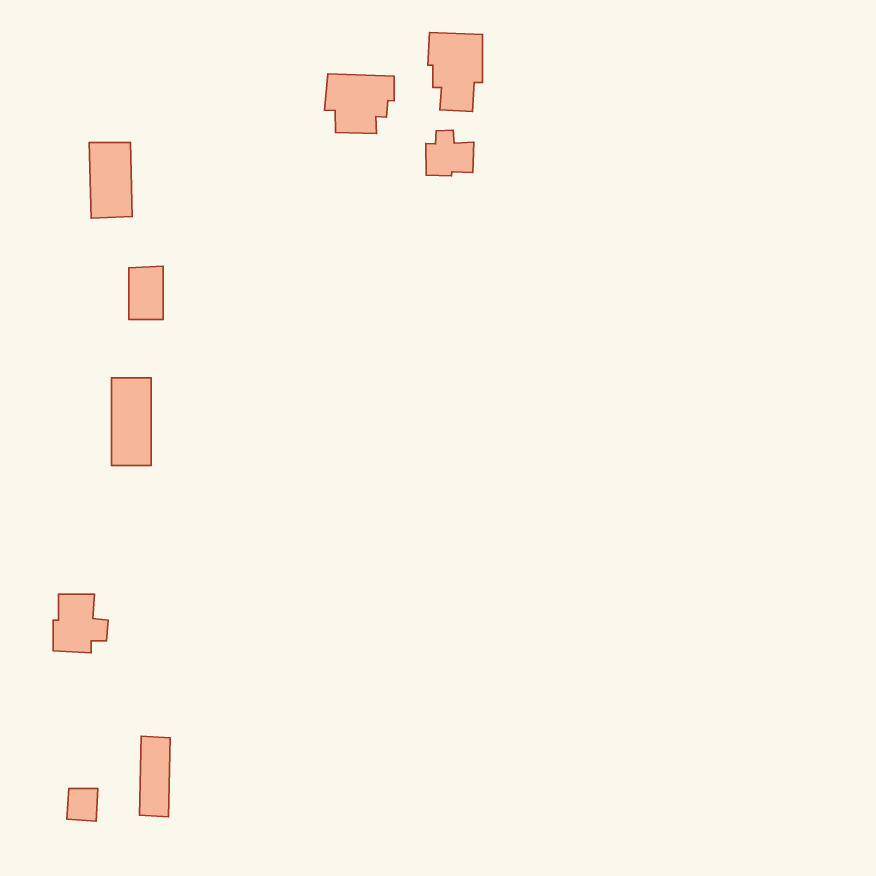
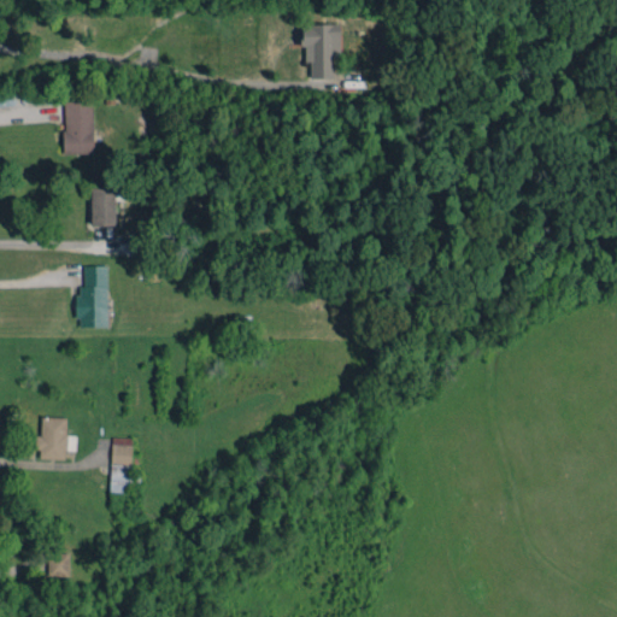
building: [325,74,394,133] -> none
building: [426,130,474,176] -> none
building: [139,736,170,817] -> [111,437,133,494]

